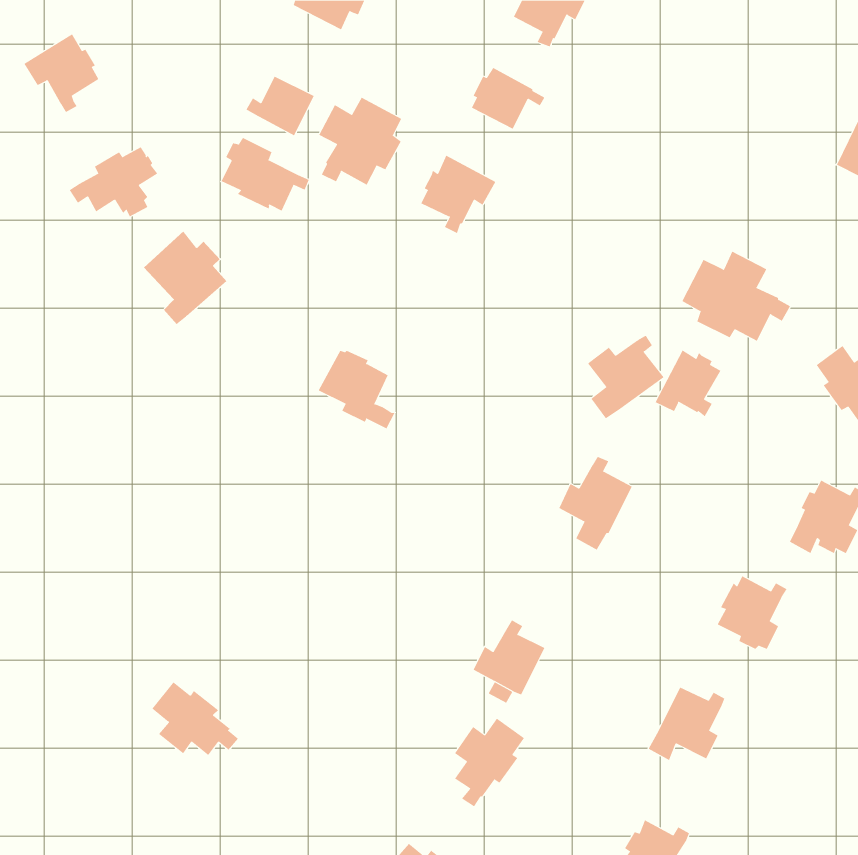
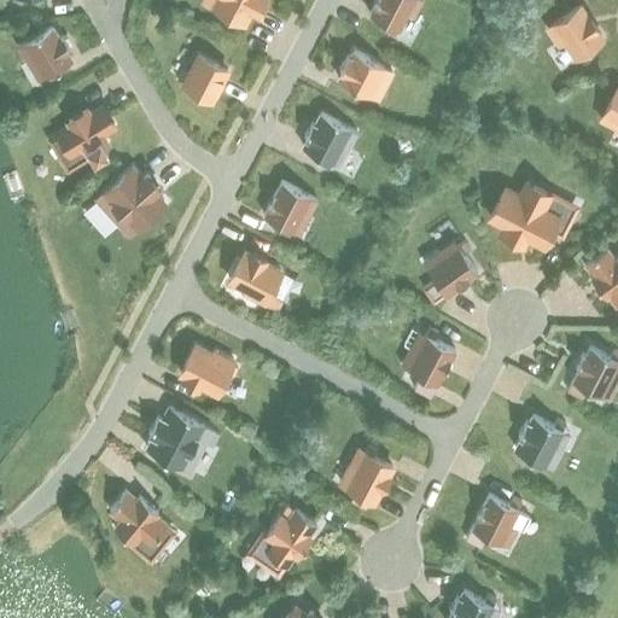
building: none -> [548,8,601,64]
building: [318,97,402,186] -> none
building: [221,137,309,211] -> none
building: none -> [264,182,317,239]
building: [655,349,721,417] -> none
building: none -> [181,346,238,395]
building: none -> [147,408,214,470]
building: [454,718,525,807] -> [266,511,316,575]

